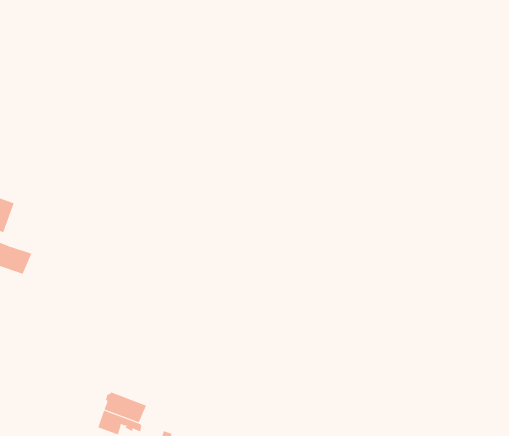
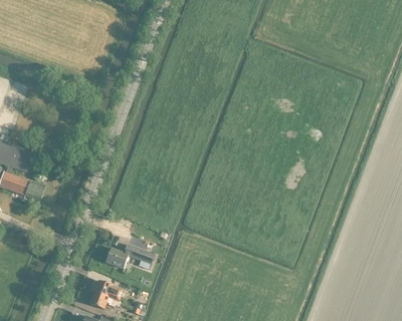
building: none -> [106,245,157,269]

